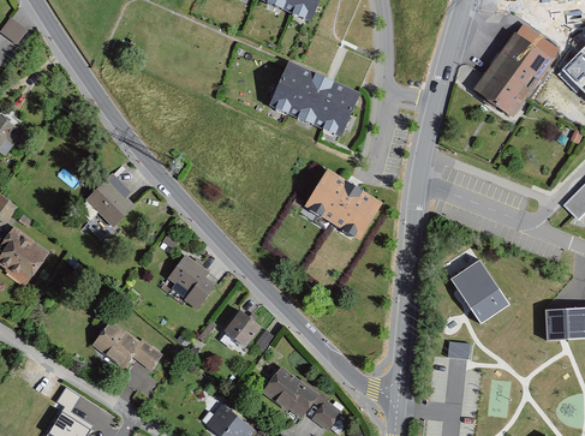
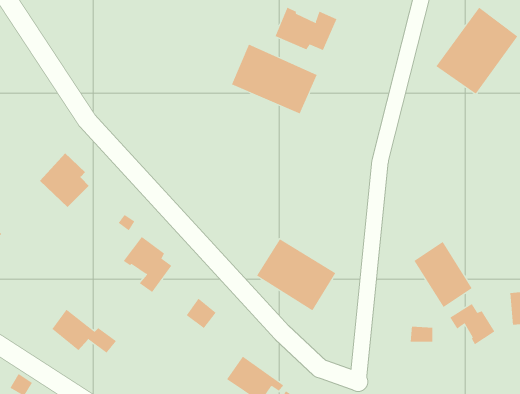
building: none -> [275,7,337,51]
building: [305,168,383,239] -> [256,239,336,311]
building: none -> [449,303,495,345]

